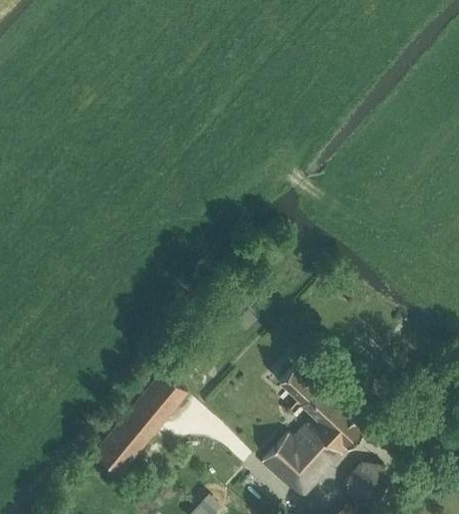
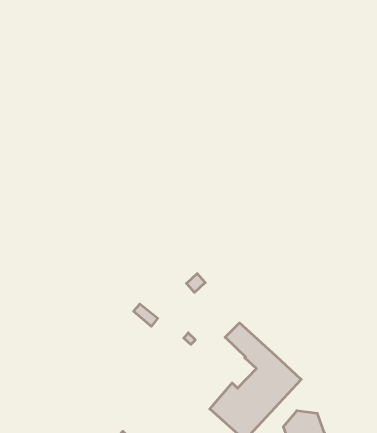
building: [95,372,190,474] -> none

